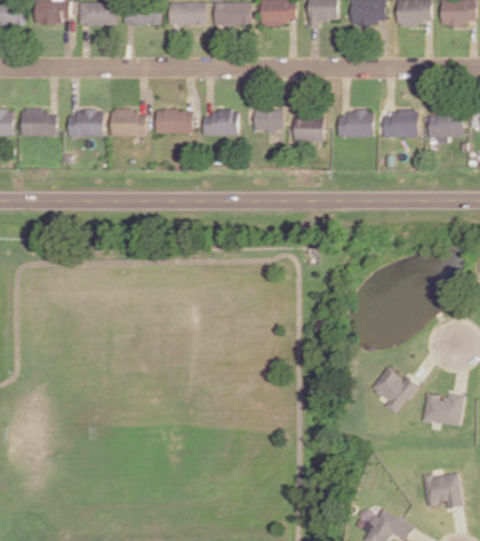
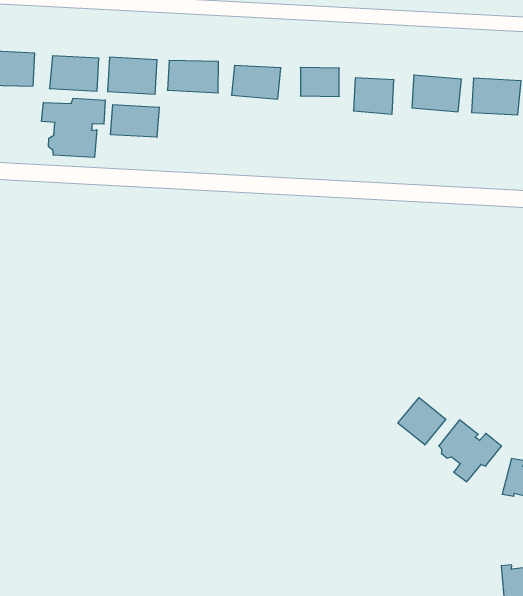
building: none -> [42,98,105,157]
building: none -> [111,105,159,137]
building: none -> [398,398,446,445]

